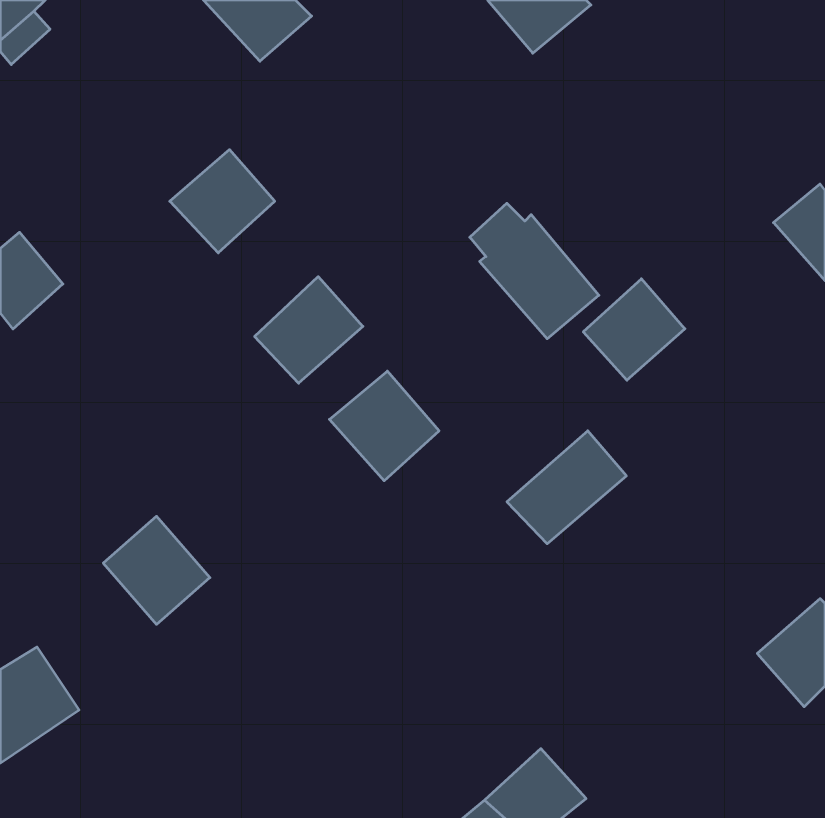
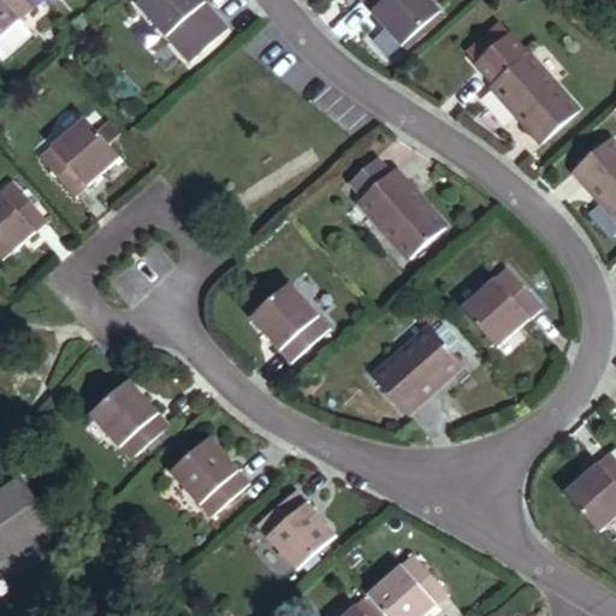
building: none -> [480,34,578,137]
building: [170,150,275,253] -> [46,108,124,185]
building: [255,277,363,383] -> none
building: [583,279,685,380] -> [468,261,544,337]
building: none -> [154,445,237,528]
building: none -> [243,496,325,579]

